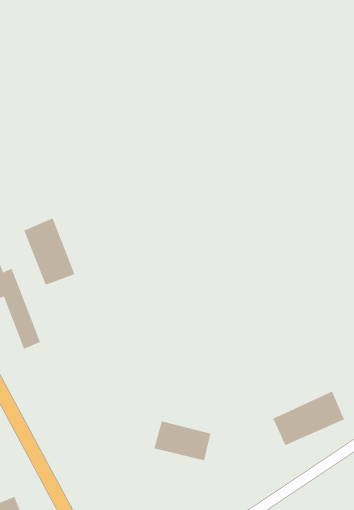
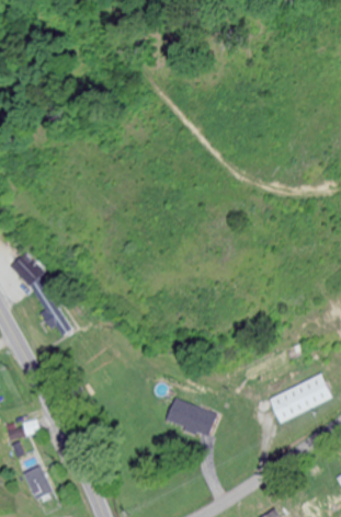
building: [24,218,75,286] -> none

